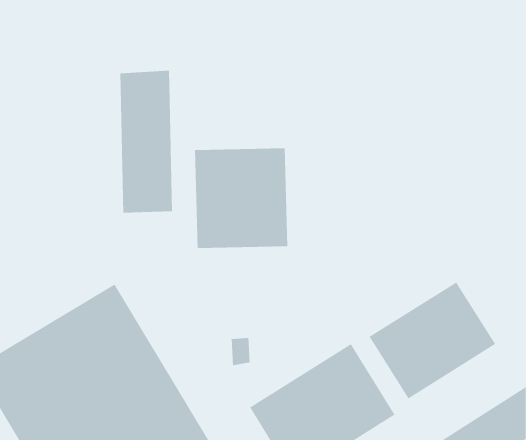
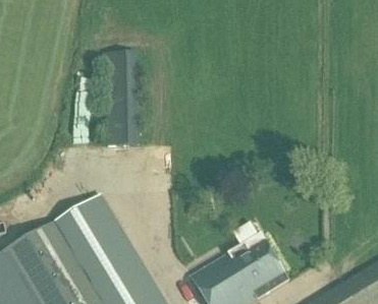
building: [194,147,288,249] -> none
building: [368,281,496,399] -> none

